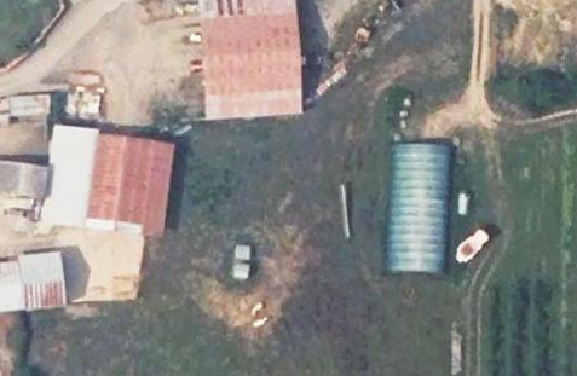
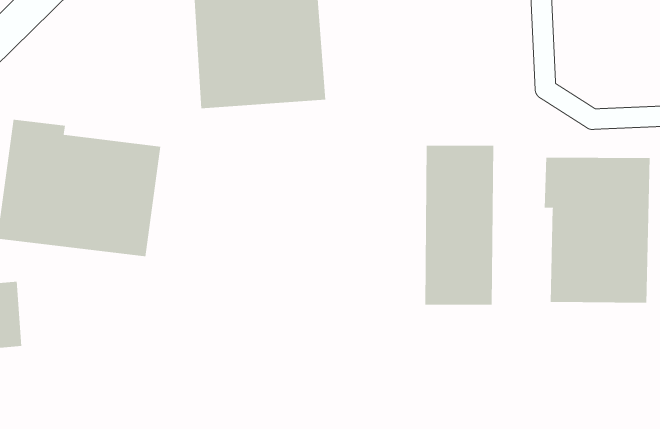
building: none -> [544,157,650,303]

